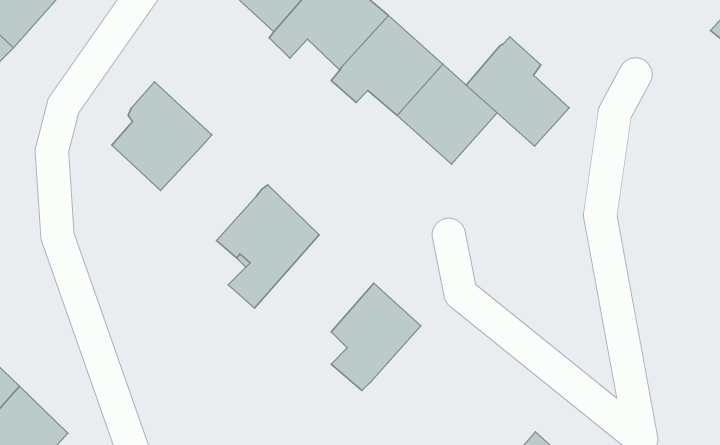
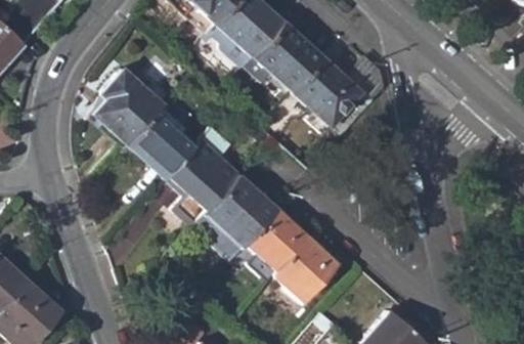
building: [466,37,569,146] -> none
building: none -> [129,114,200,179]
building: none -> [194,175,277,261]
building: none -> [275,239,339,304]

